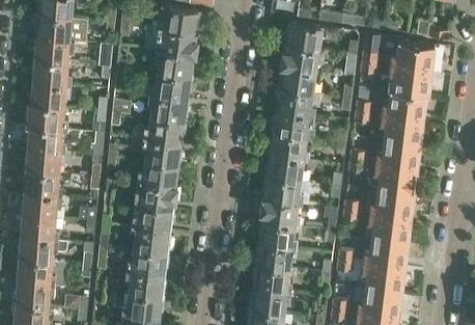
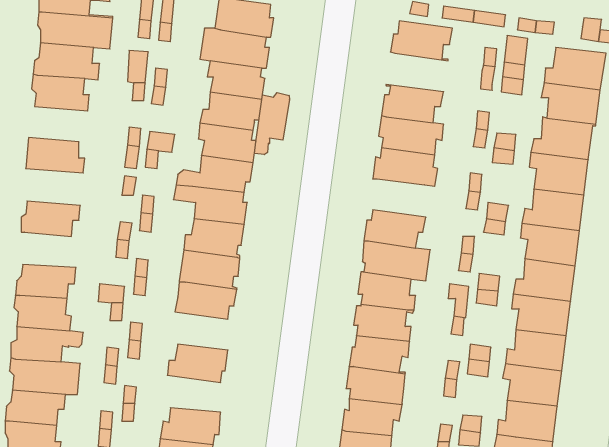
building: [280,45,324,72] -> none
building: none -> [254,93,289,155]
building: [29,82,71,107] -> none
building: [26,126,67,152] -> none
building: [269,133,309,160] -> none
building: [23,170,62,195] -> none
building: [131,226,171,253] -> none
building: [125,271,166,297] -> none

